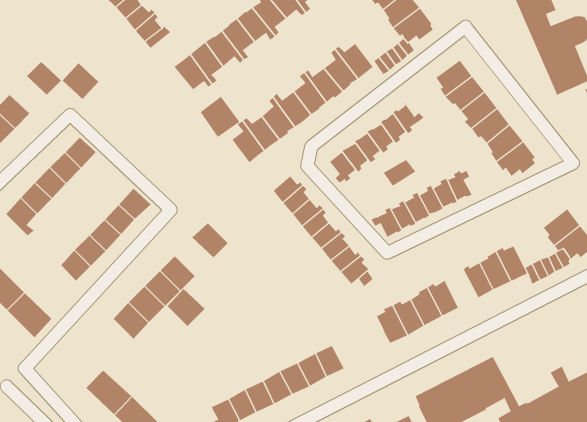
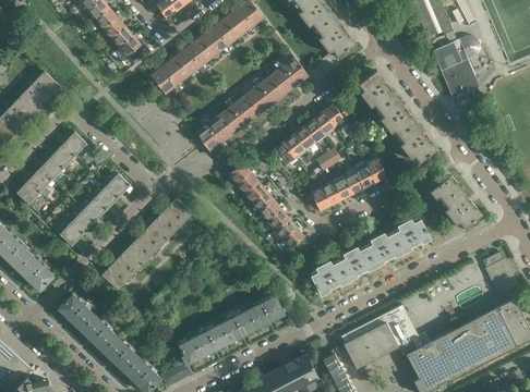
building: [62,63,99,100] -> [20,84,49,113]
building: [200,96,240,138] -> none
building: none -> [430,175,461,204]
building: none -> [364,236,390,267]
building: [167,288,206,327] -> [150,211,181,242]
building: none -> [58,294,94,330]

